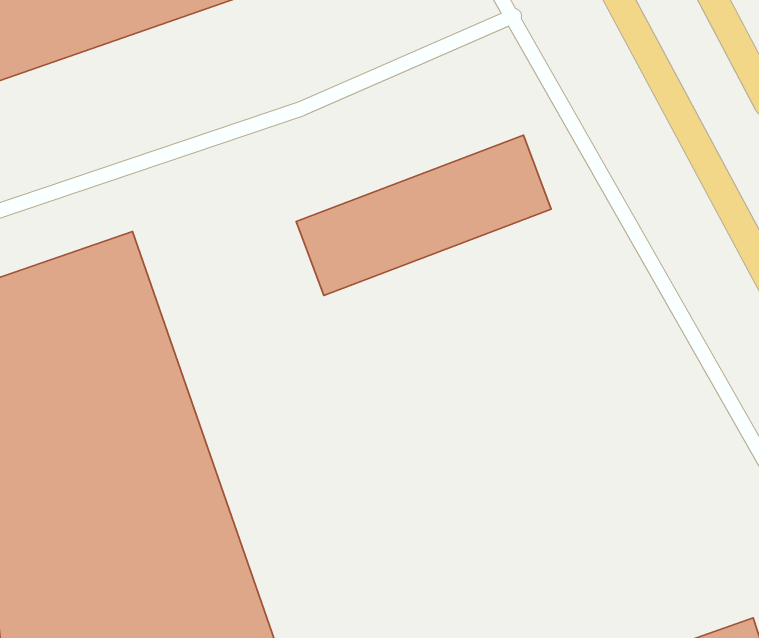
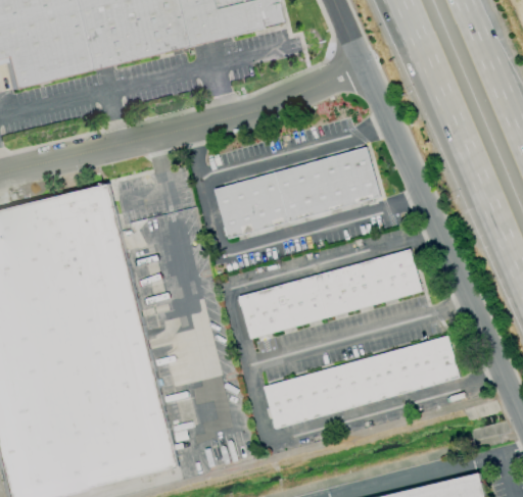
building: none -> [237,249,419,340]
building: none -> [262,337,458,430]

